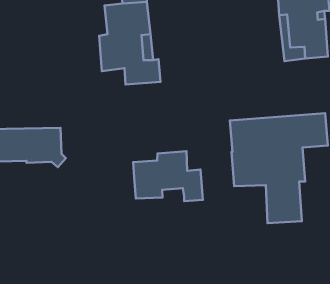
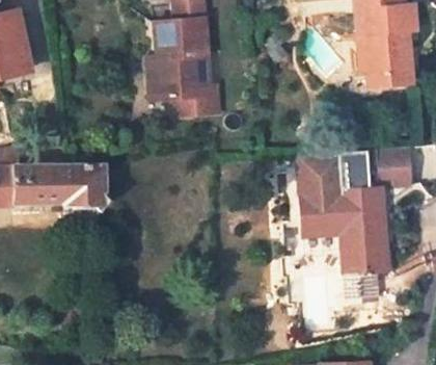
building: [133,151,203,201] -> none

